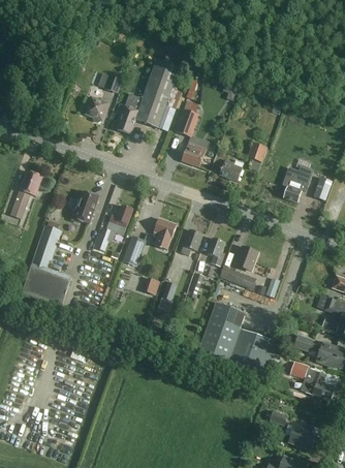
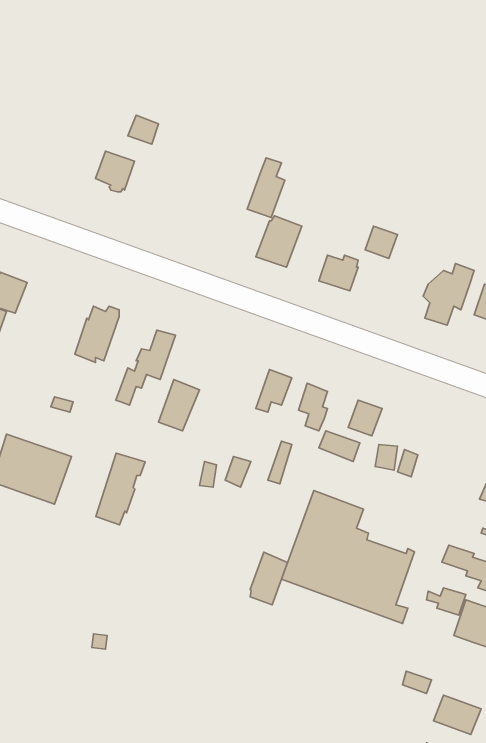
building: [116,60,181,133] -> none
building: [152,218,176,249] -> none
building: [32,224,62,268] -> [96,453,145,525]
building: none -> [250,552,288,605]

